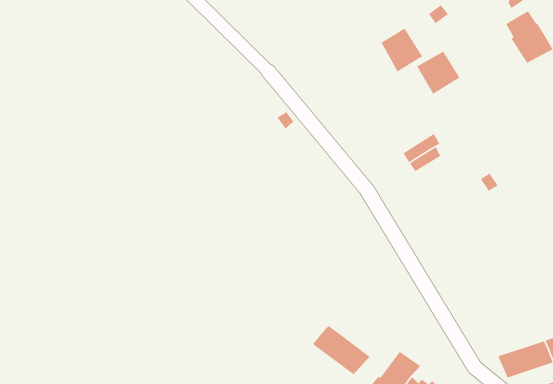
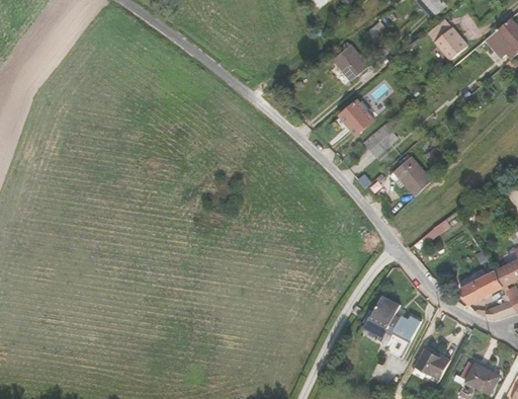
building: [416,50,460,95] -> [339,100,374,136]
building: none -> [393,156,427,190]
building: [312,325,371,375] -> none

